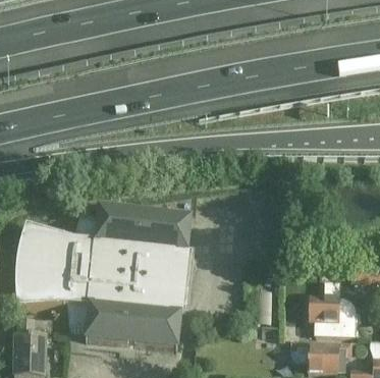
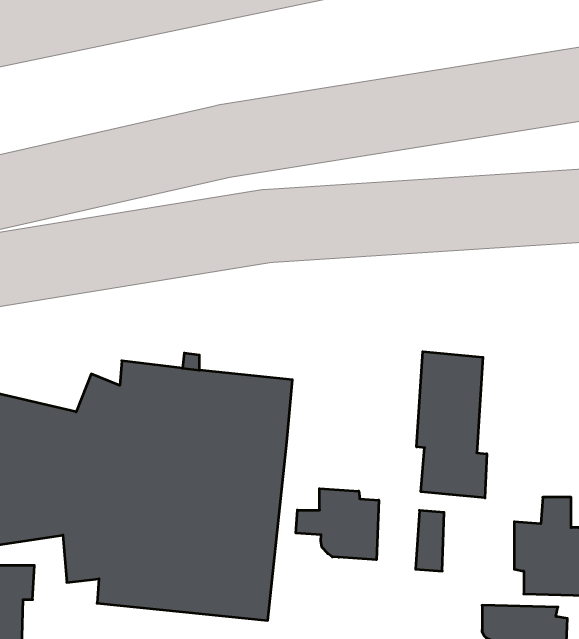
building: none -> [417,352,487,498]
building: none -> [296,489,379,560]

